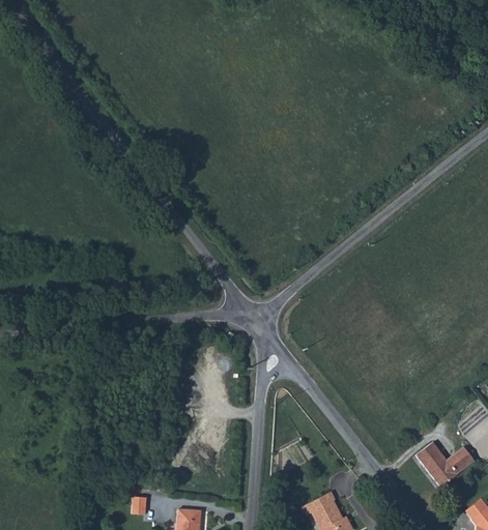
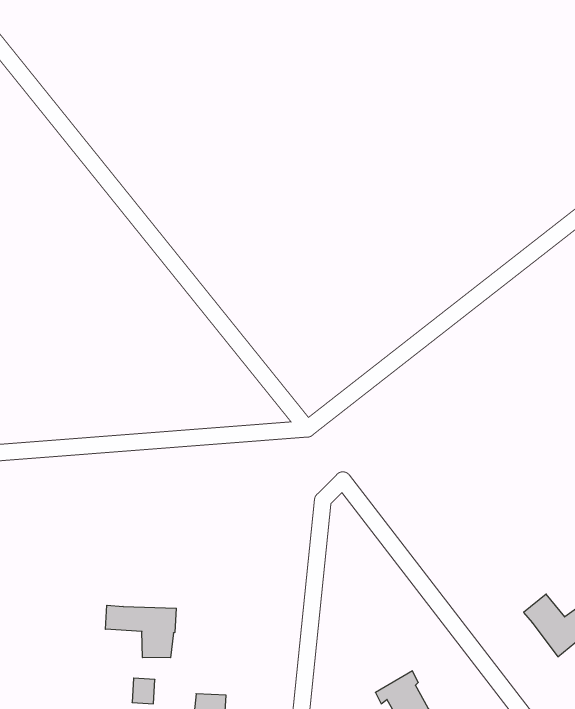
building: none -> [105,605,176,658]

